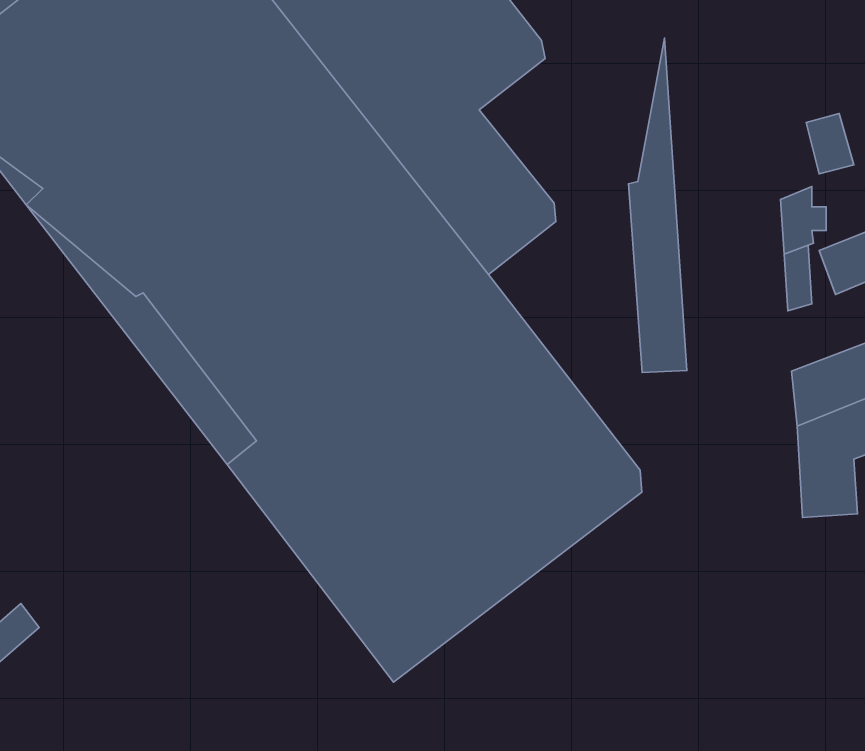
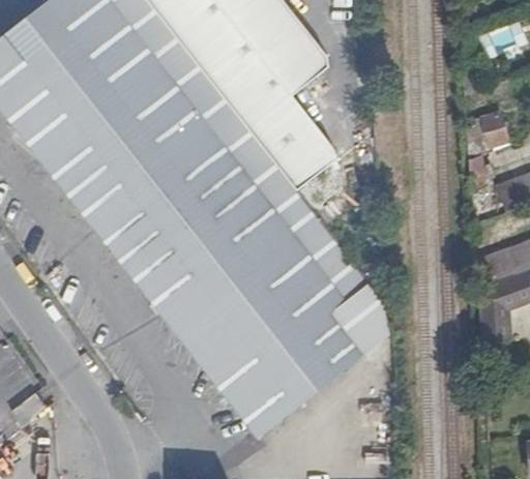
building: [628,38,687,373] -> none

